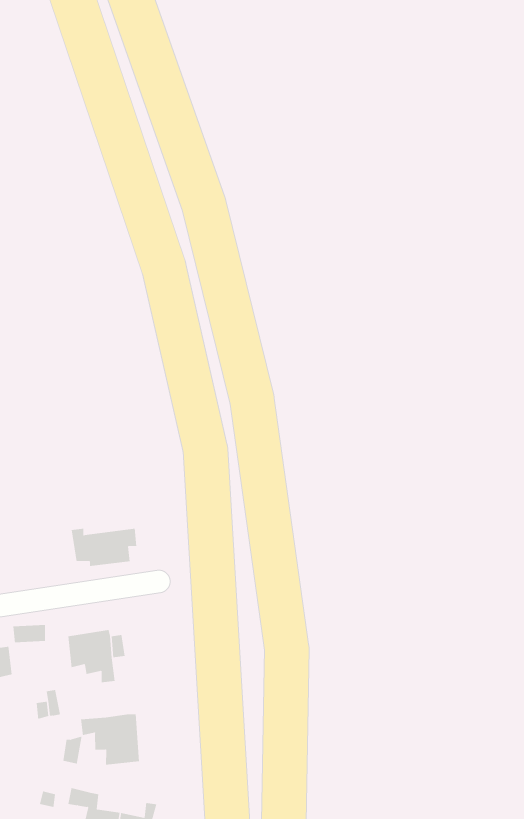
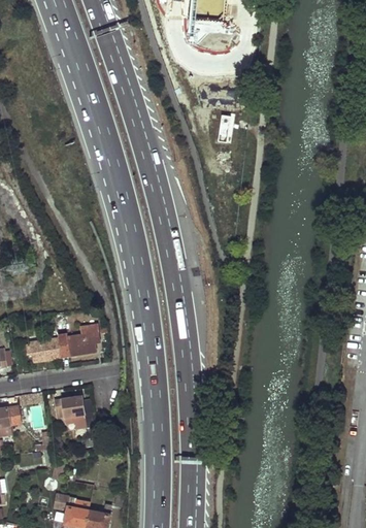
building: none -> [26,331,61,362]
building: [81,713,139,766] -> none

